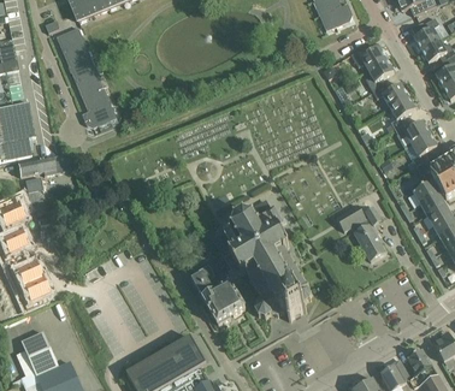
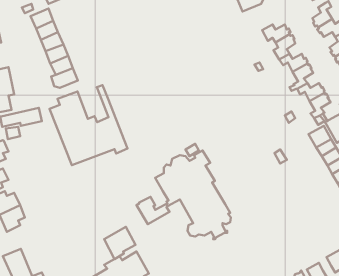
building: none -> [50,85,127,165]
building: [336,203,385,260] -> none
building: [205,284,244,325] -> [104,227,135,259]

